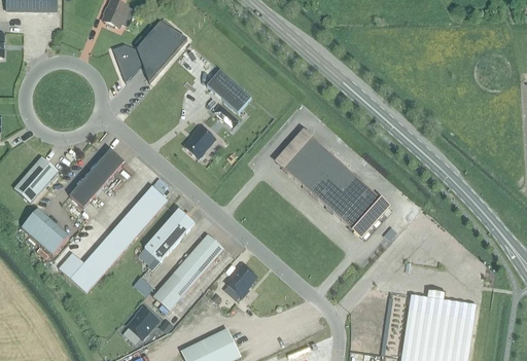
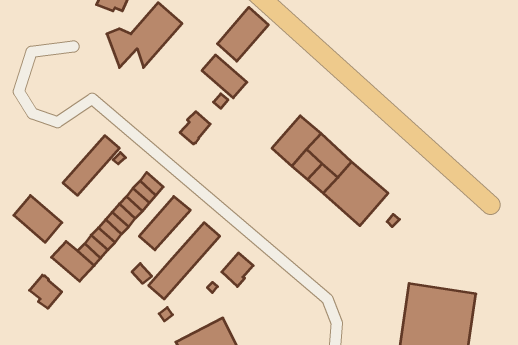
building: none -> [217,7,268,61]
building: [13,156,57,202] -> none
building: none -> [29,275,62,308]
building: [129,306,160,339] -> none

